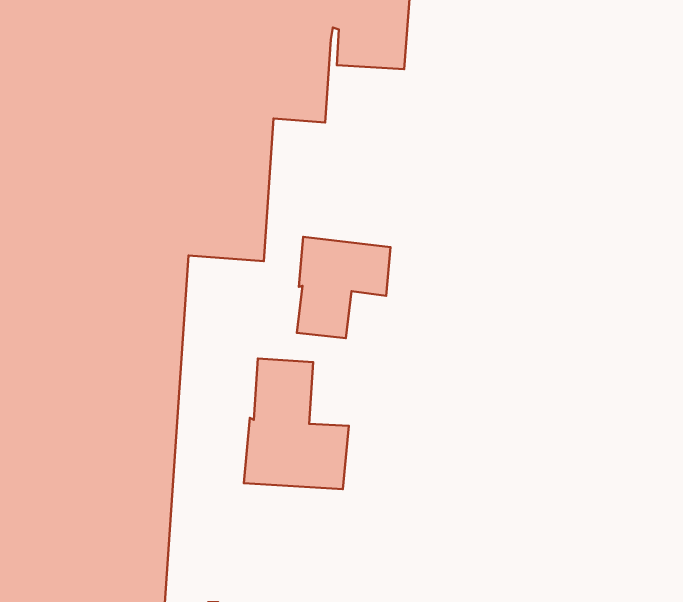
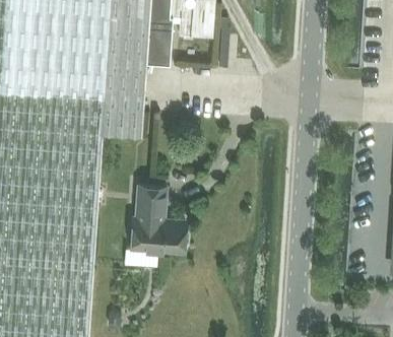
building: [297,237,390,338] -> none

